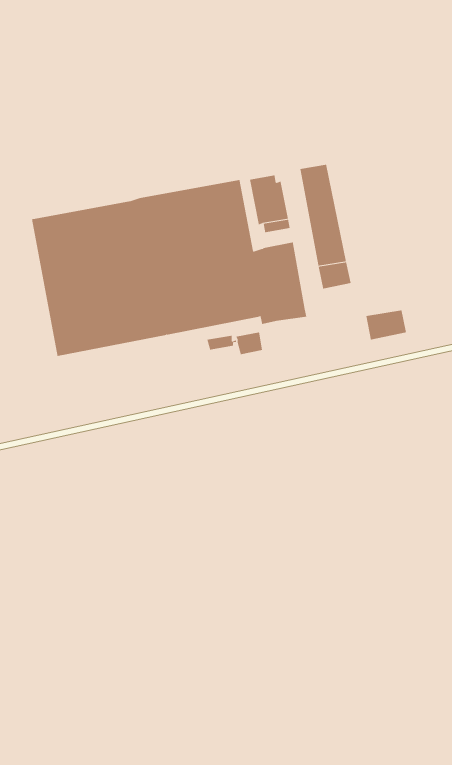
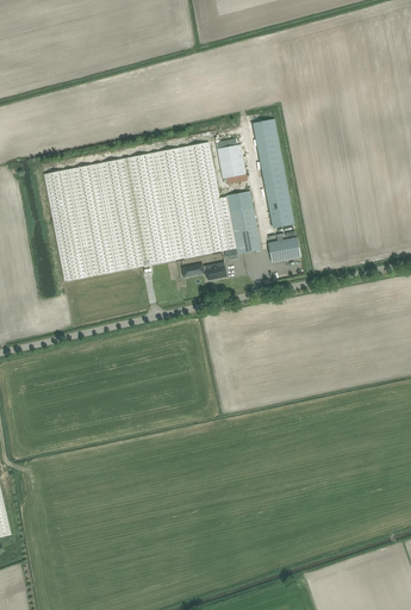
building: [366,310,407,340] -> [267,237,299,261]

